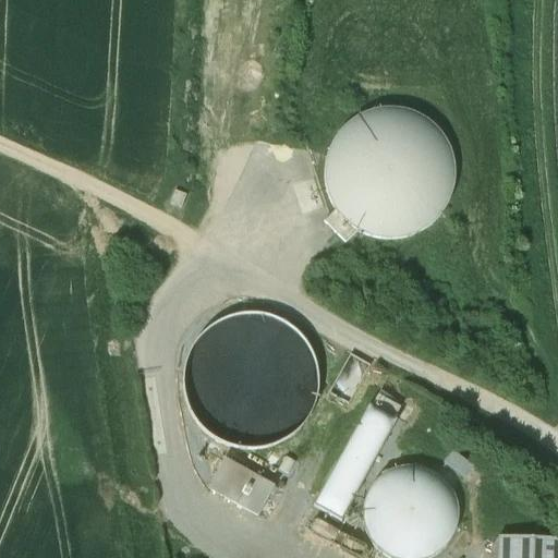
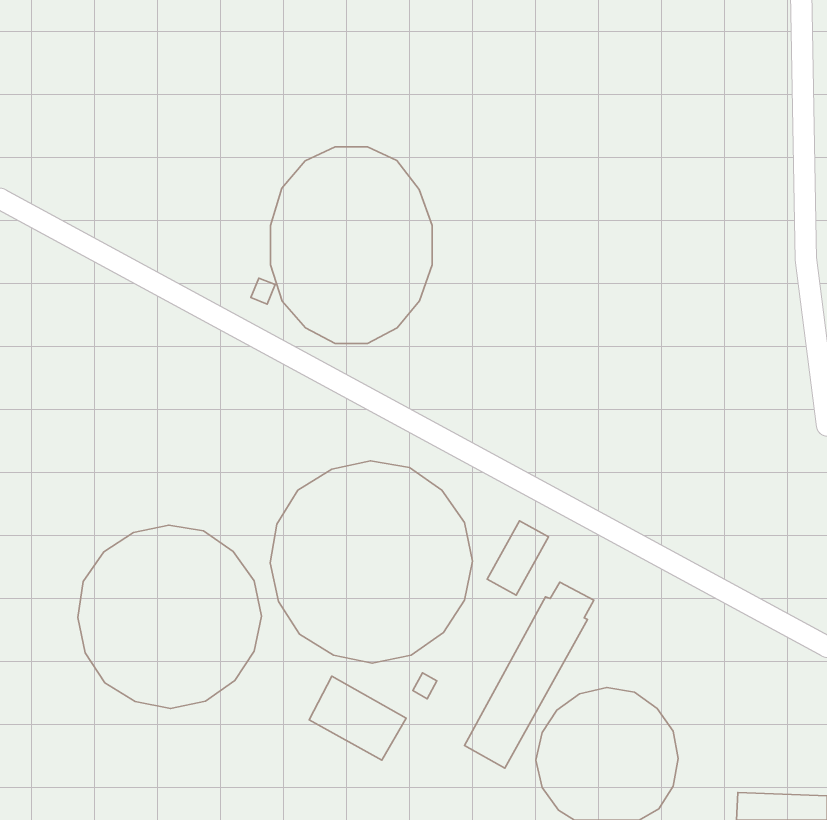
building: none -> [271,147,432,343]
building: [332,110,460,236] -> none
building: none -> [78,525,261,709]

